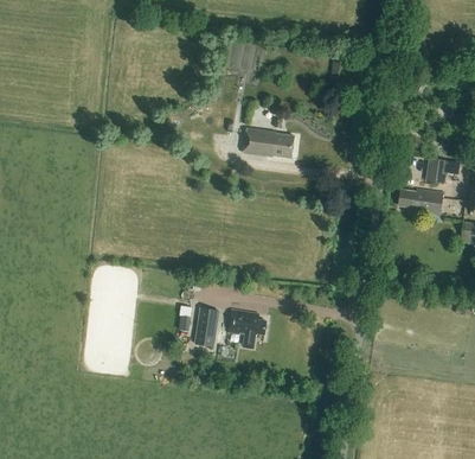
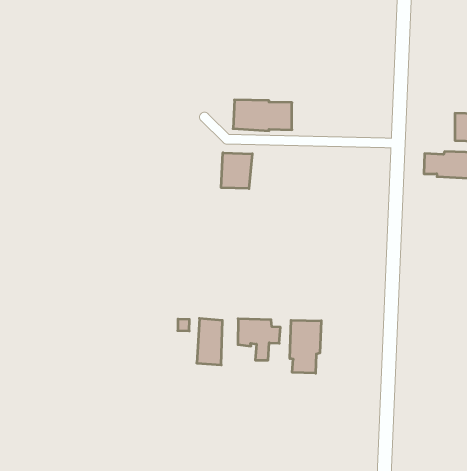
building: none -> [221,153,252,189]
building: none -> [290,320,321,373]

